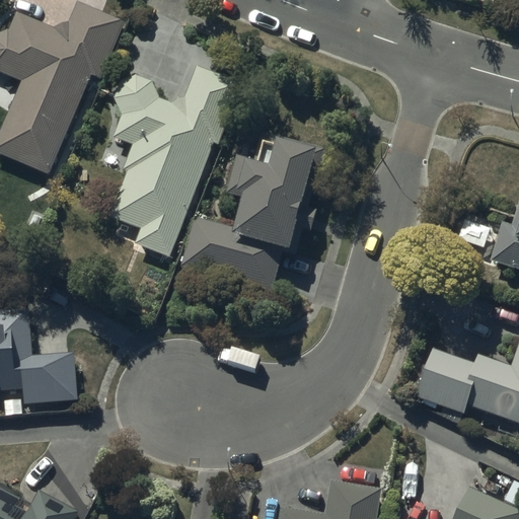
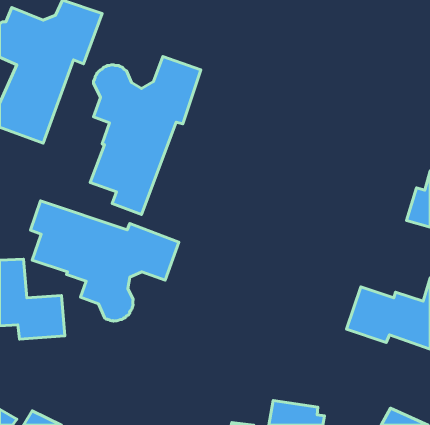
building: [180,134,321,295] -> none
building: none -> [30,201,179,321]

